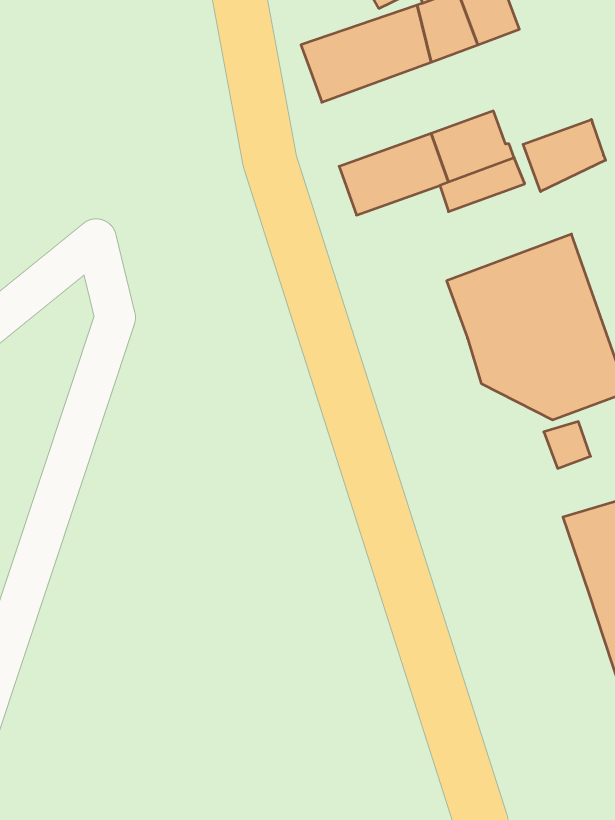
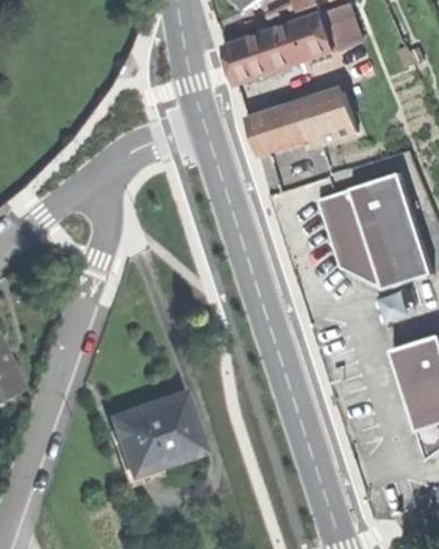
building: [523,119,606,192] -> none
building: none -> [102,393,192,473]

